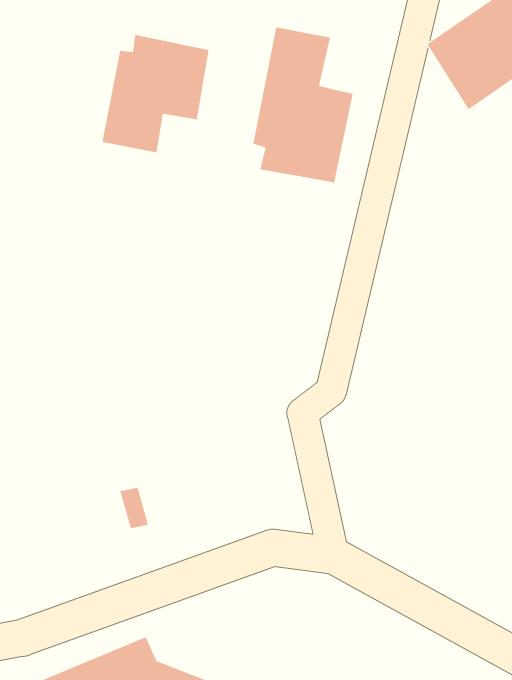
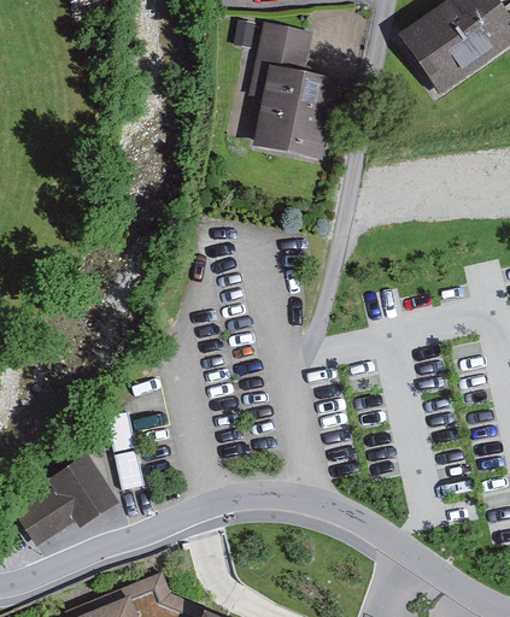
building: [102,34,209,153] -> none
building: none -> [22,456,115,539]

